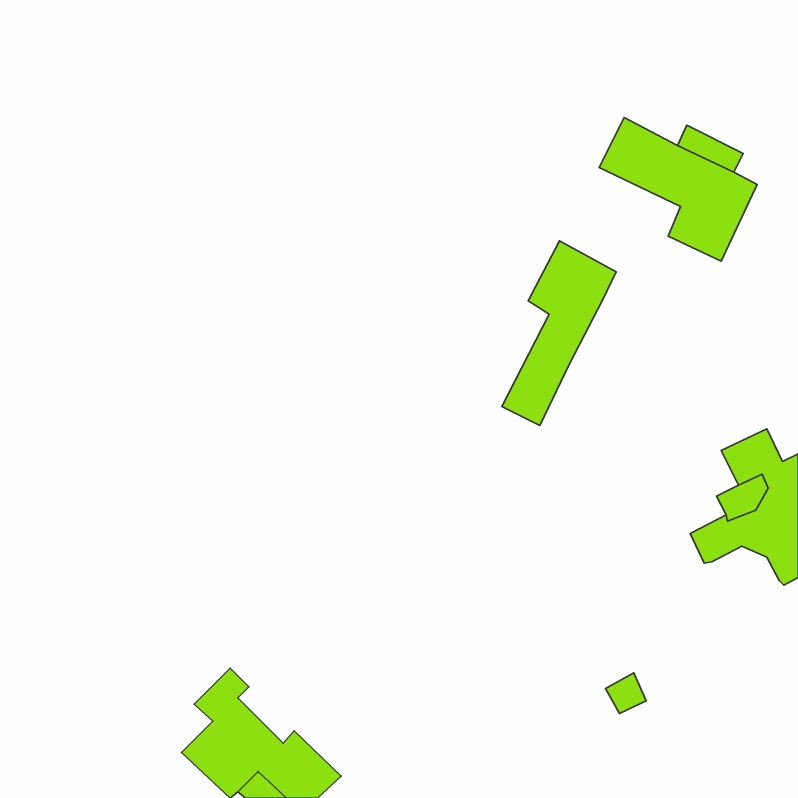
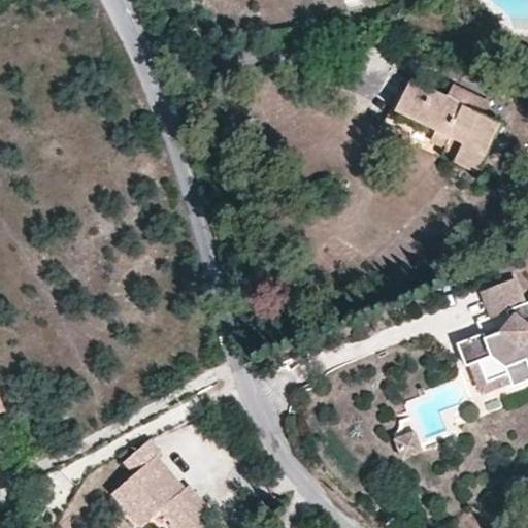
building: [502,241,616,426] -> none
building: none -> [469,360,514,397]

